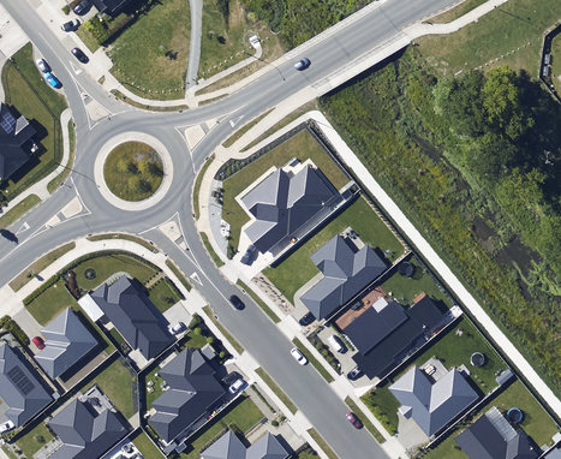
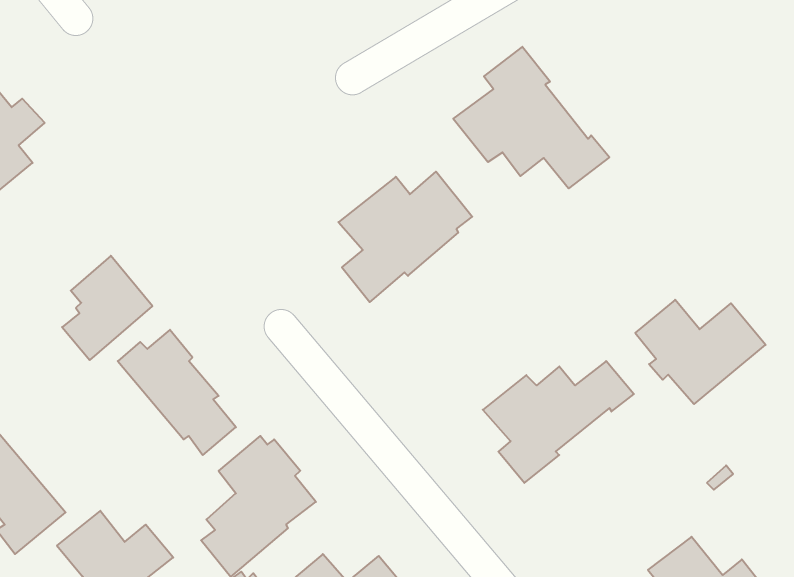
building: none -> [453,47,609,188]
building: [300,230,389,321] -> none
building: [35,308,97,380] -> [62,256,152,360]
building: [388,365,478,437] -> [635,300,766,404]

